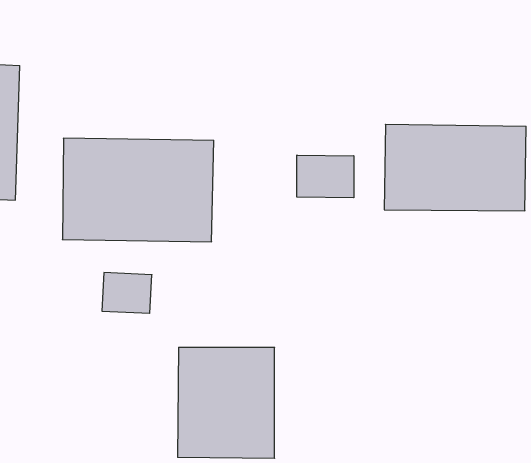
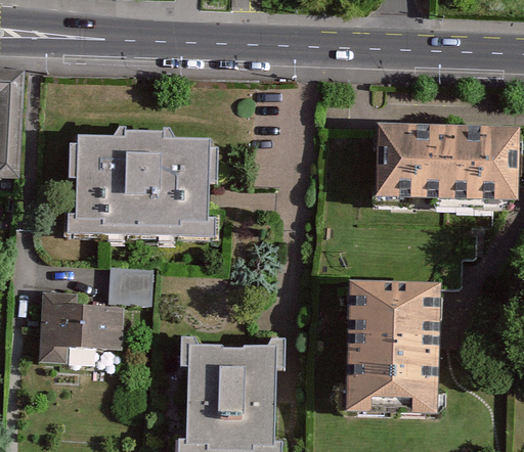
building: [297,155,354,198] -> none
building: none -> [346,280,439,413]
building: none -> [43,290,123,362]

